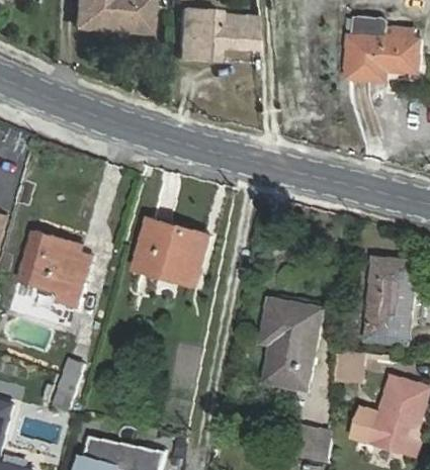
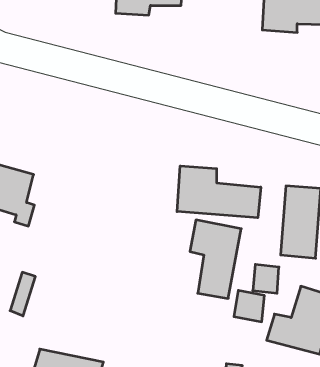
building: [134,219,203,285] -> none
building: none -> [177,166,261,218]
building: [293,424,329,460] -> [234,290,264,322]

